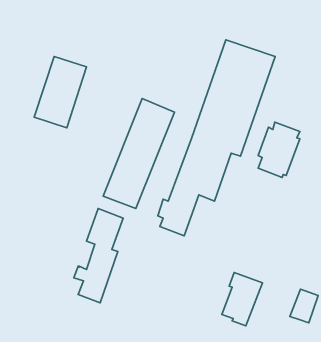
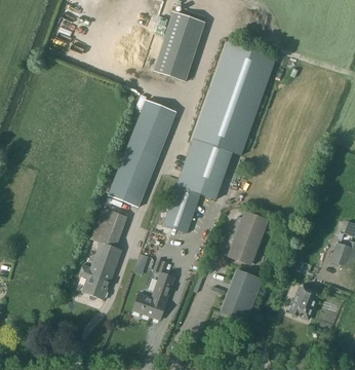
building: [34,56,87,128] -> [153,11,204,81]
building: [258,122,300,178] -> [227,211,268,265]
building: none -> [132,258,174,319]

